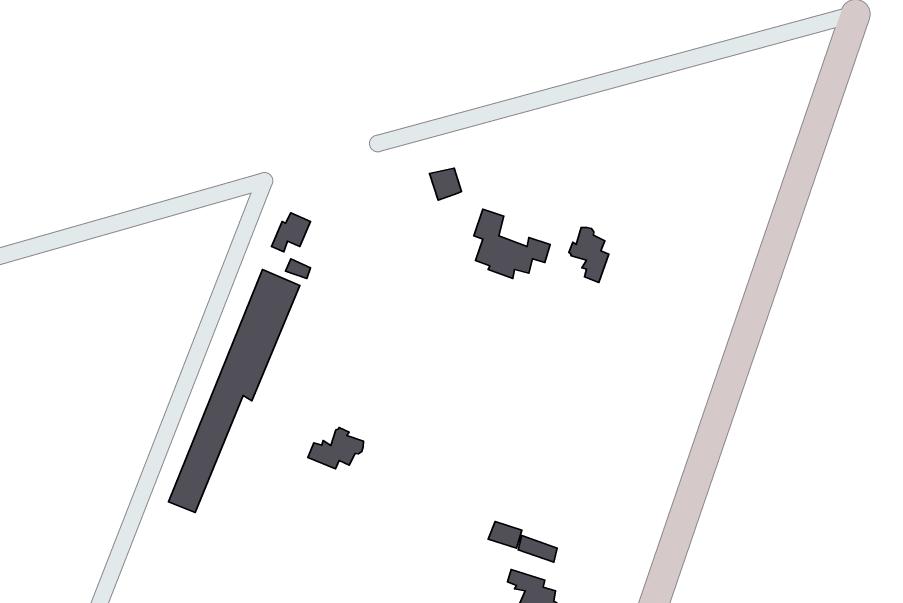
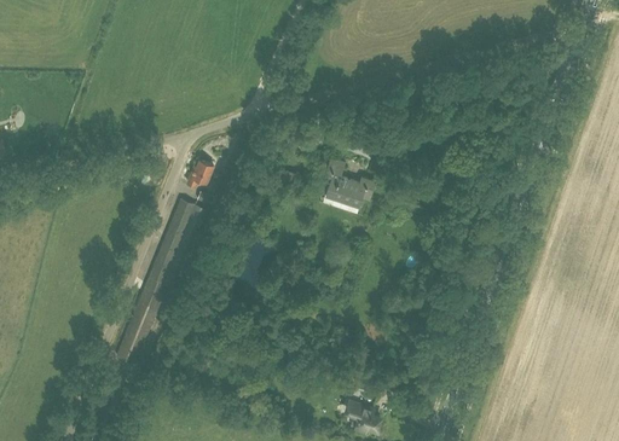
building: [569,227,609,282] -> none
building: [308,428,363,469] -> none

